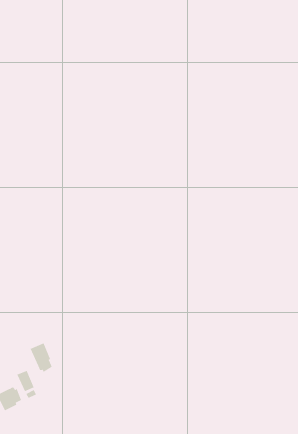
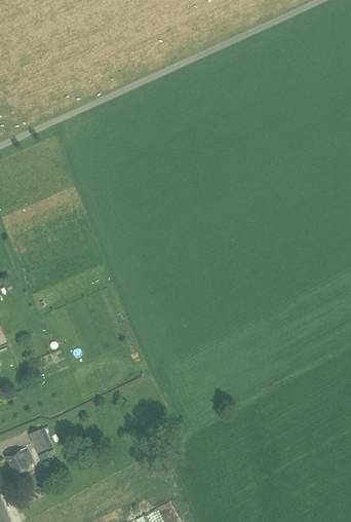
building: [30,343,52,373] -> none

